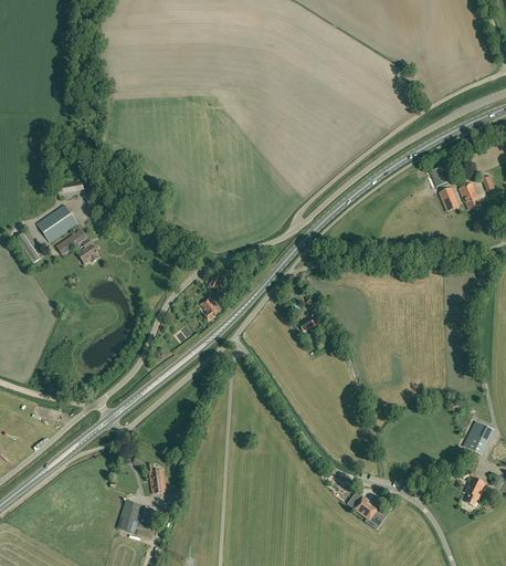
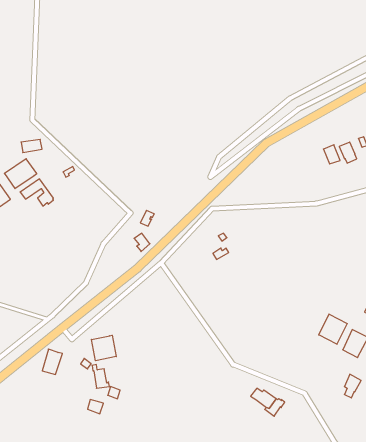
building: none -> [319,314,347,344]
building: none -> [91,335,116,361]
building: [117,500,143,532] -> [42,349,62,374]

